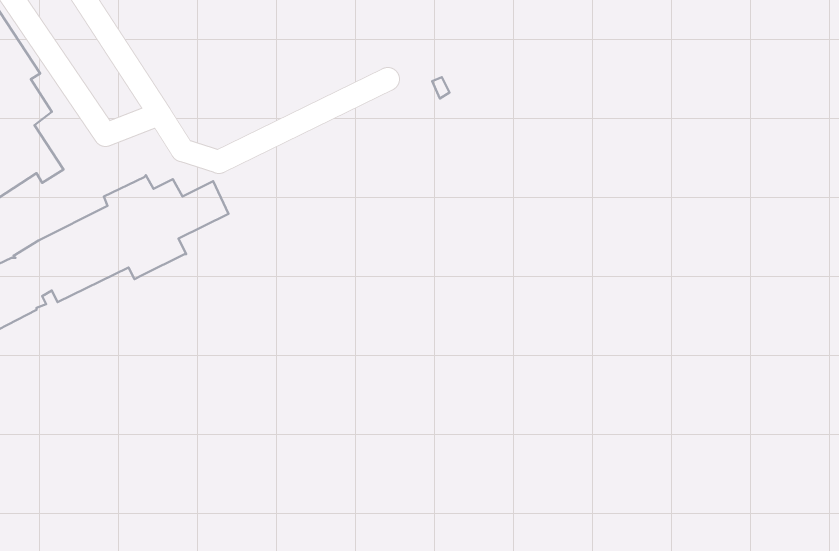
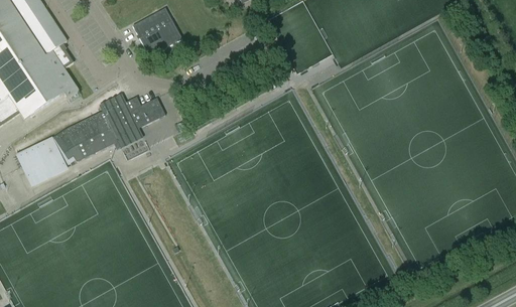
building: none -> [132,6,182,55]

